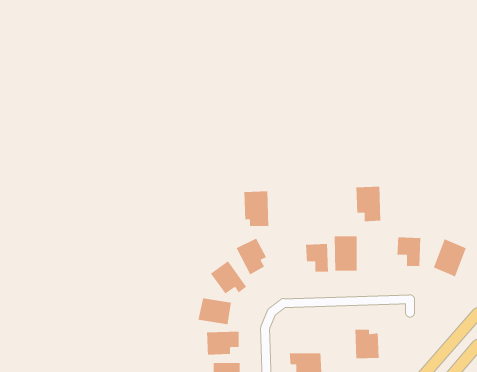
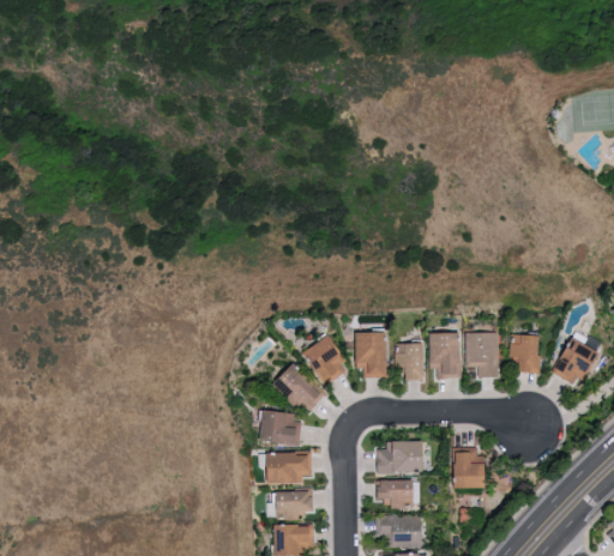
building: [355,186,381,222] -> [463,332,495,377]
building: [244,191,269,227] -> [355,332,387,377]
building: none -> [375,441,425,473]

